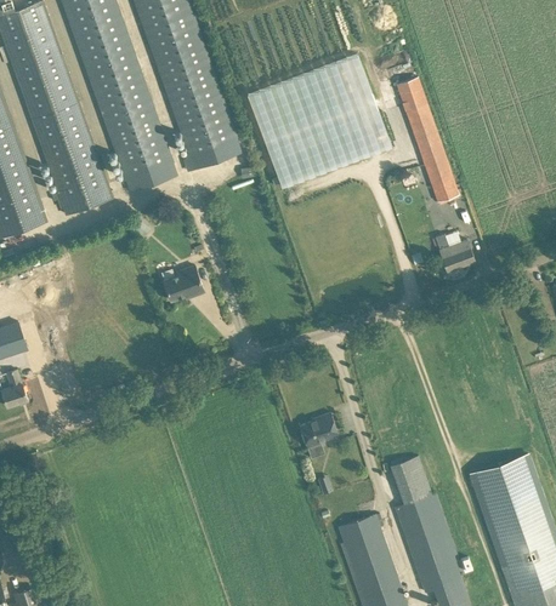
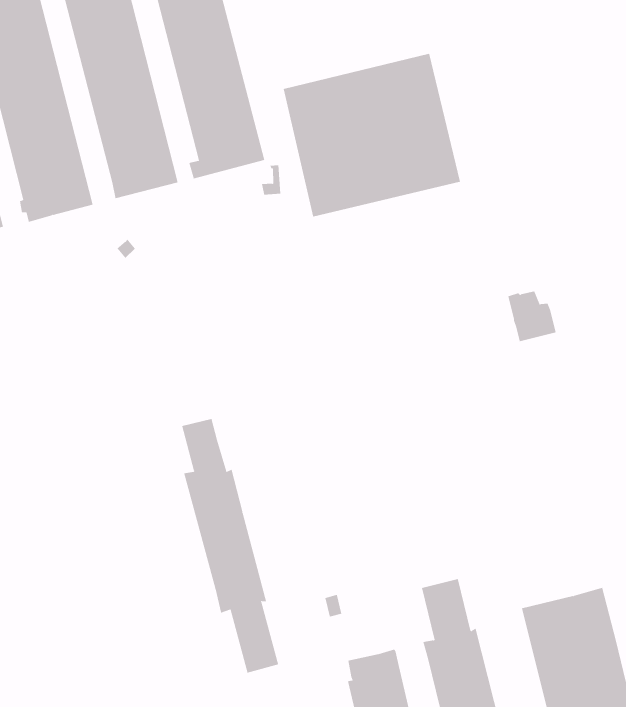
building: [396,78,458,201] -> none
building: [163,265,204,301] -> none
building: none -> [181,418,279,674]
building: [299,412,337,448] -> none

